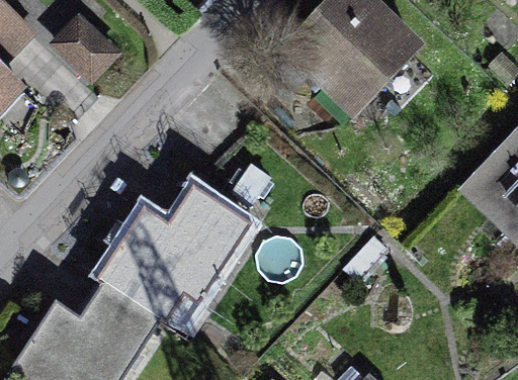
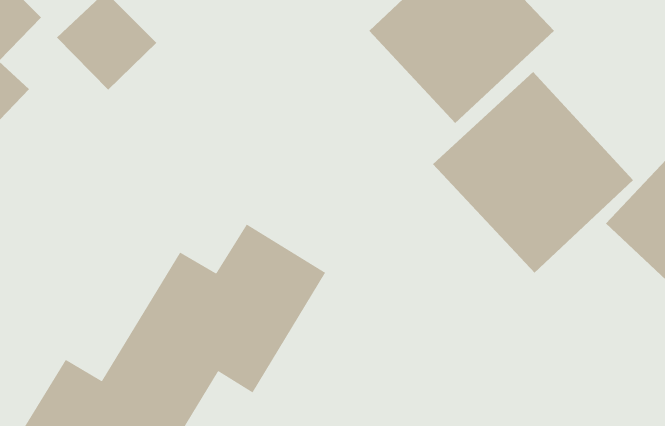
building: none -> [432,71,634,274]

